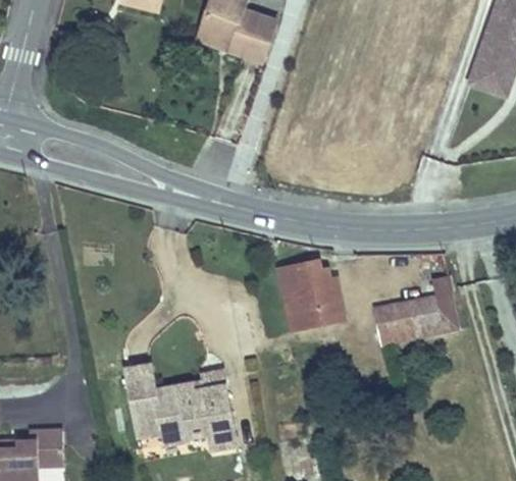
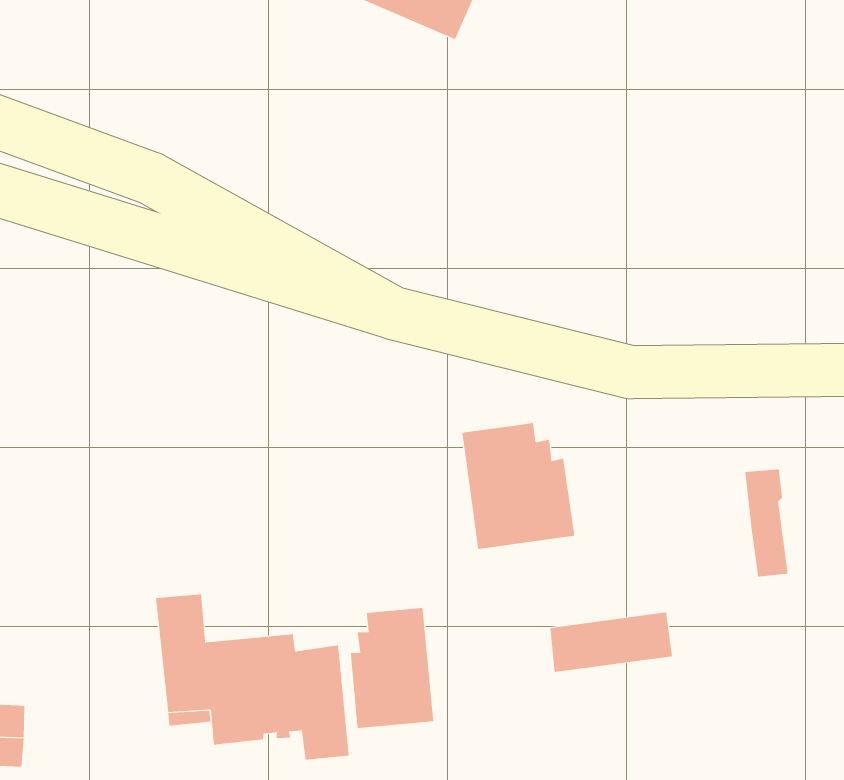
building: [376,308,443,344] -> [550,612,673,672]
building: none -> [350,607,434,729]

